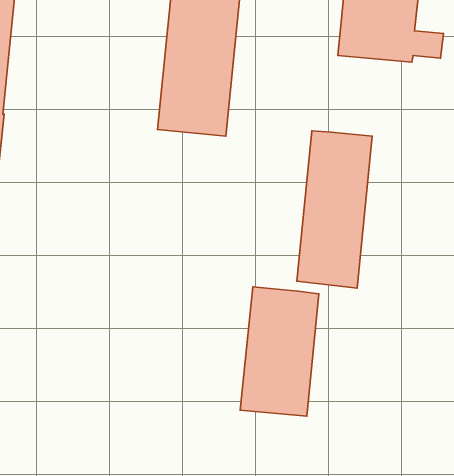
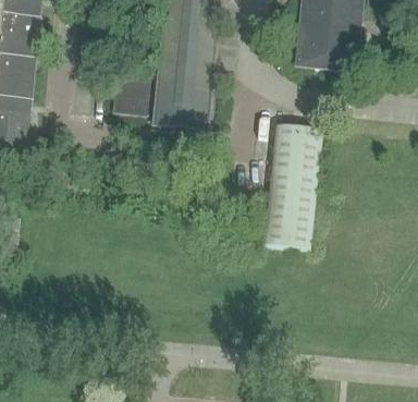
building: none -> [113,76,148,112]
building: [240,287,319,416] -> none

